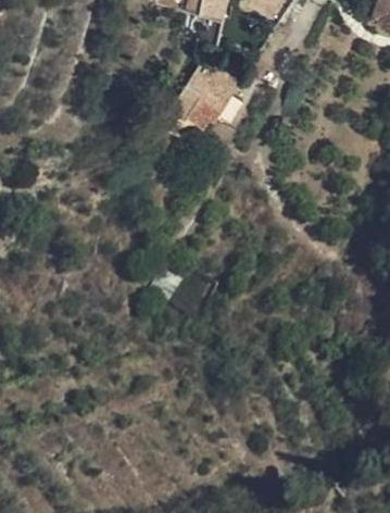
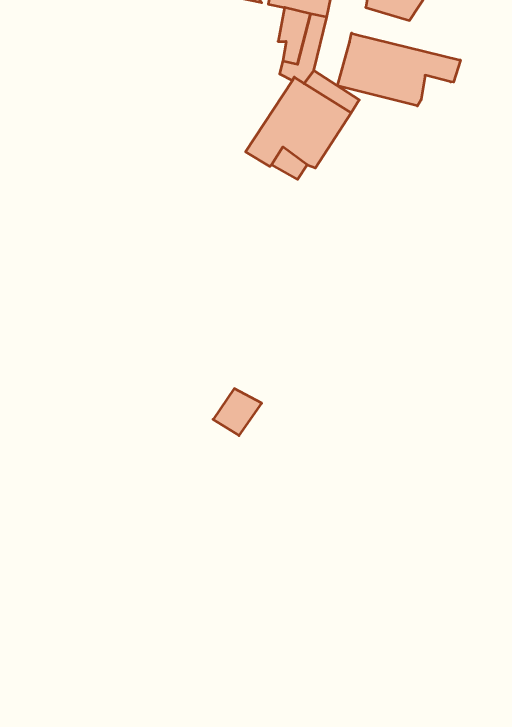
building: none -> [337,33,460,106]

